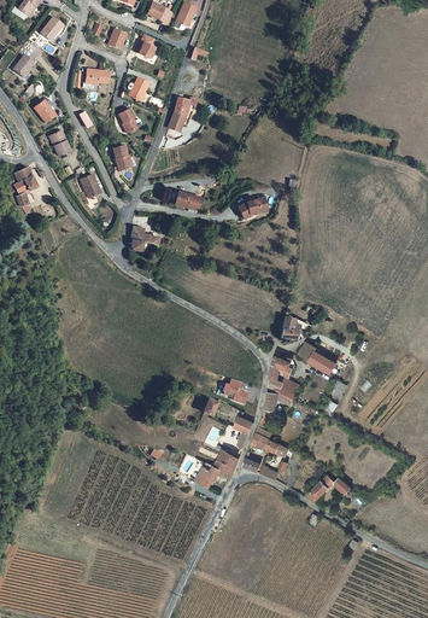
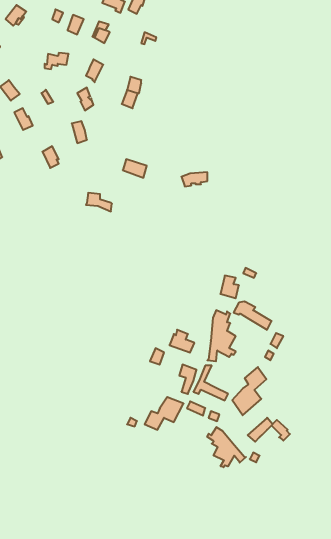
building: none -> [232,367,266,415]
building: none -> [207,427,246,467]

